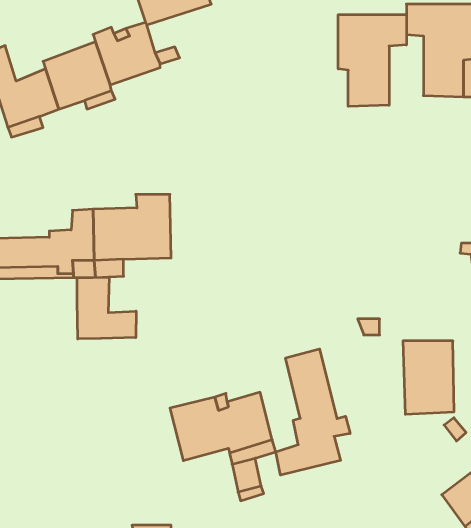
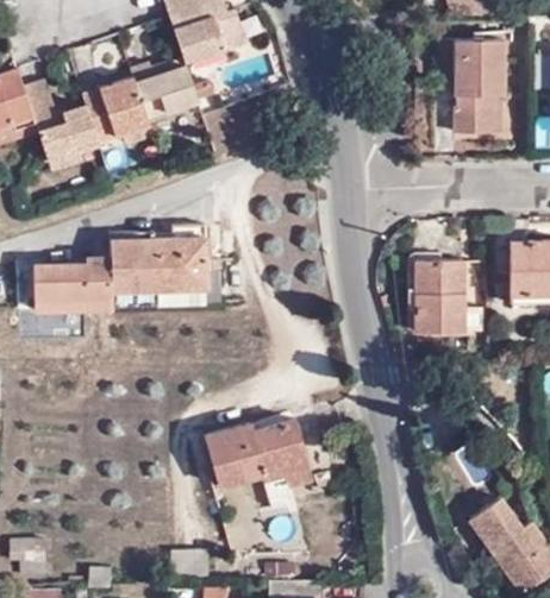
building: [338,15,406,106] -> none
building: [77,277,136,339] -> none
building: [403,341,454,414] -> [413,262,463,333]
building: [276,349,350,475] -> none

